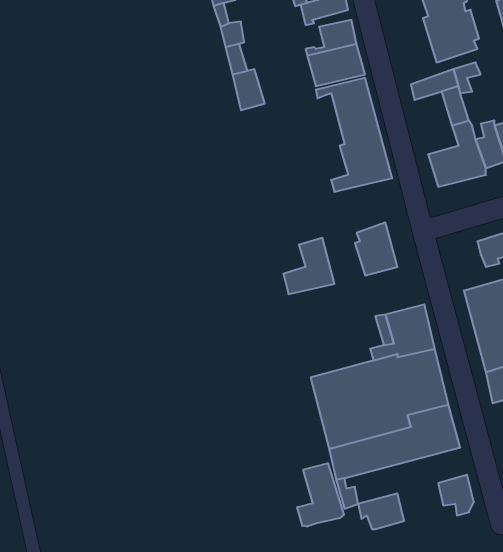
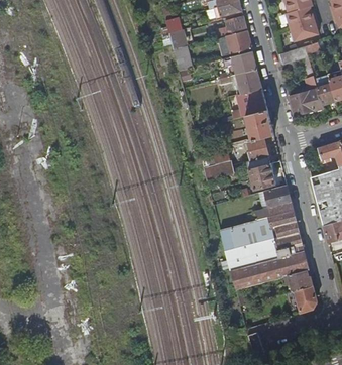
building: none -> [245,110,273,142]
building: none -> [248,162,275,189]
building: [297,463,344,527] -> none
building: [358,493,404,529] -> [284,269,312,290]

